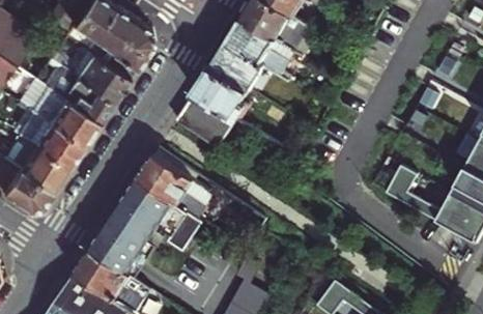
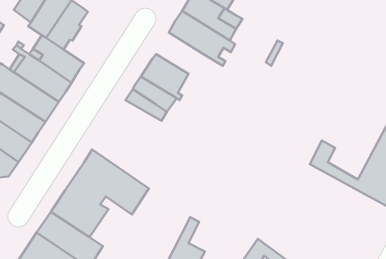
building: [105,19,152,78] -> none
building: [211,42,264,90] -> none
building: [138,153,207,219] -> none

